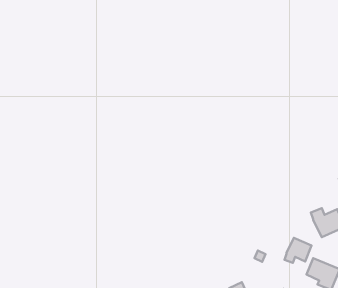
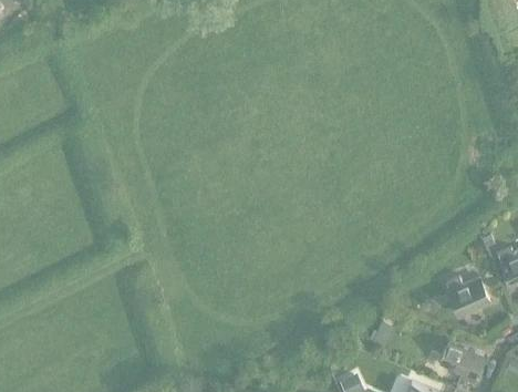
building: [284,238,312,263] -> none

